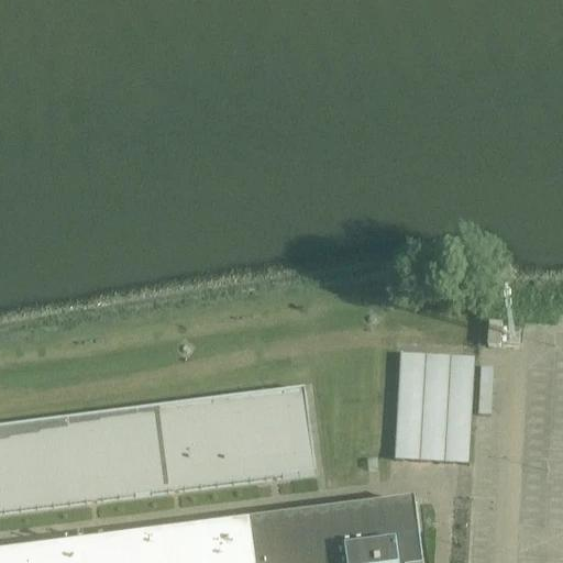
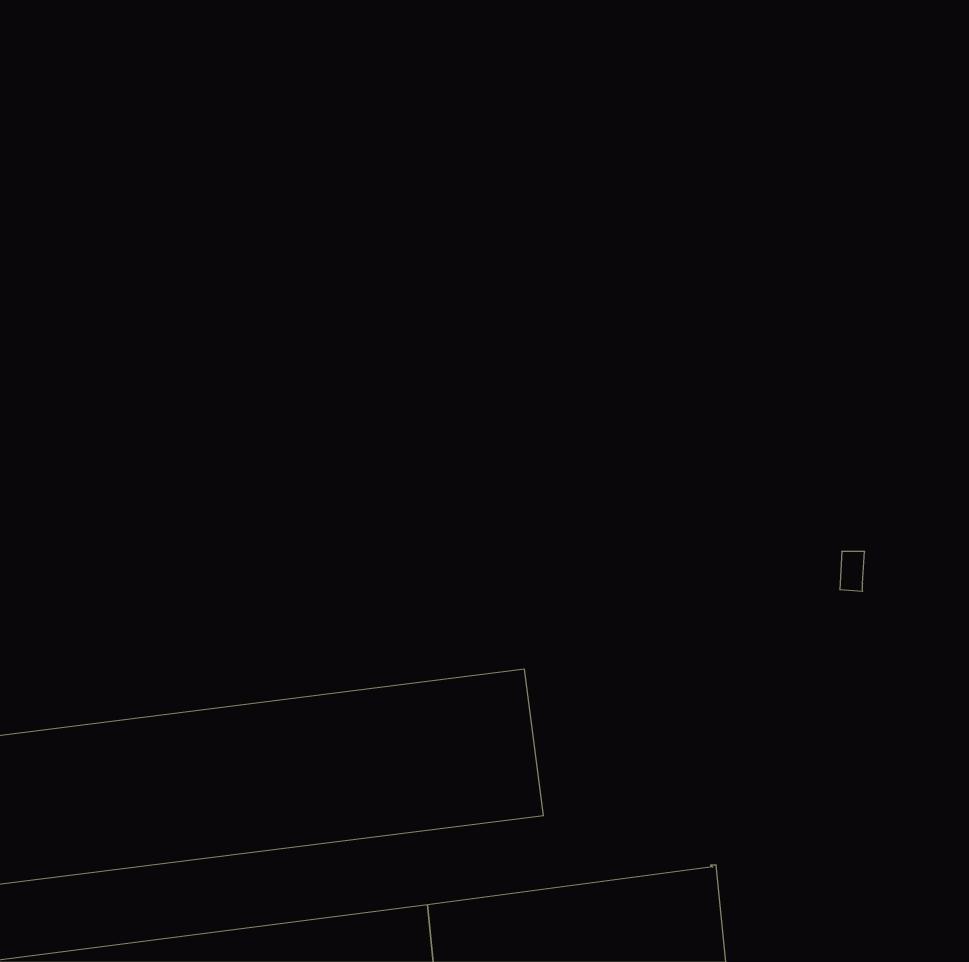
building: [393,352,474,462] -> none

